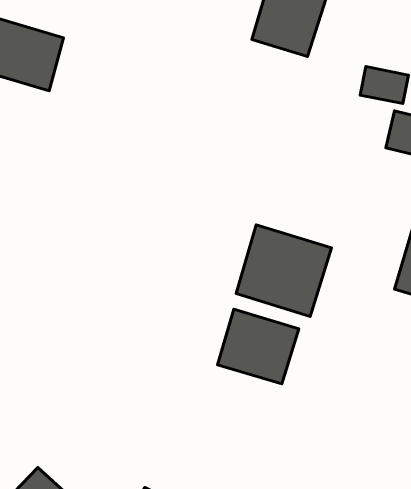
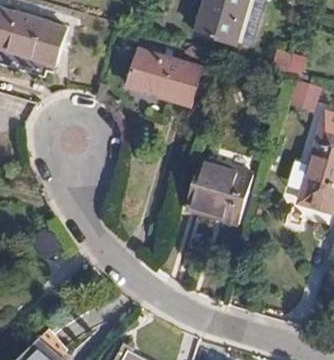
building: none -> [127,51,200,105]
building: [218,309,299,384] -> none

